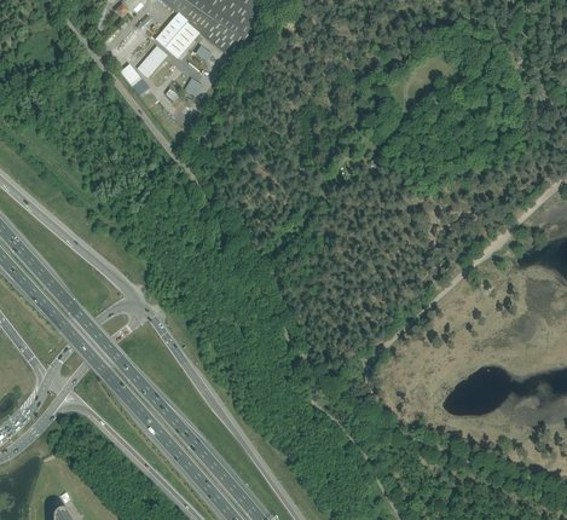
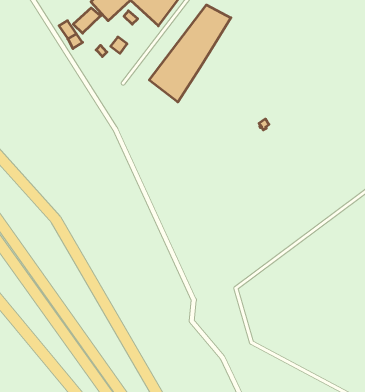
building: none -> [149,5,231,102]

